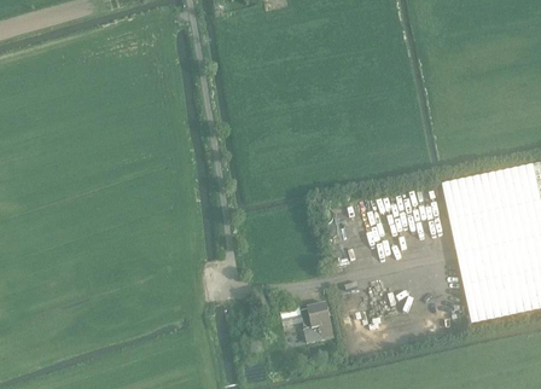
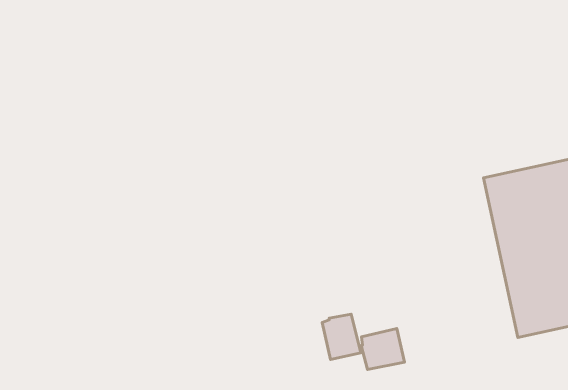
building: none -> [361,329,405,370]

